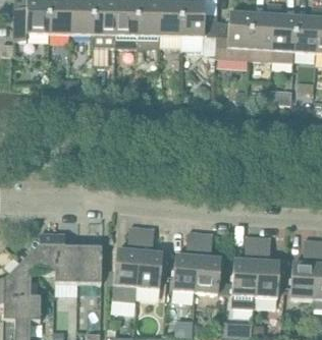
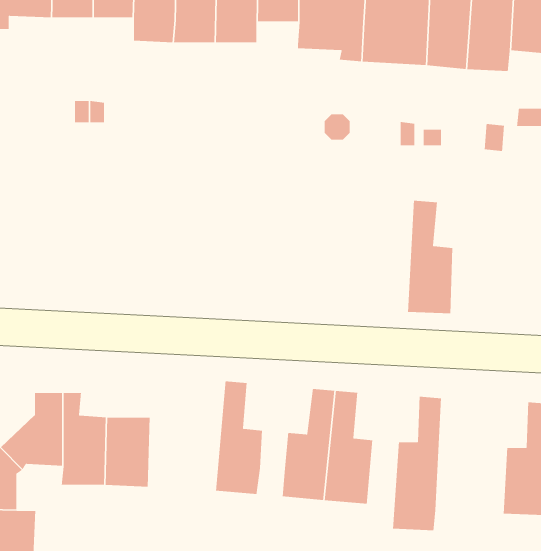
building: [112,226,142,302] -> none
building: [255,236,279,297] -> [407,200,453,314]

